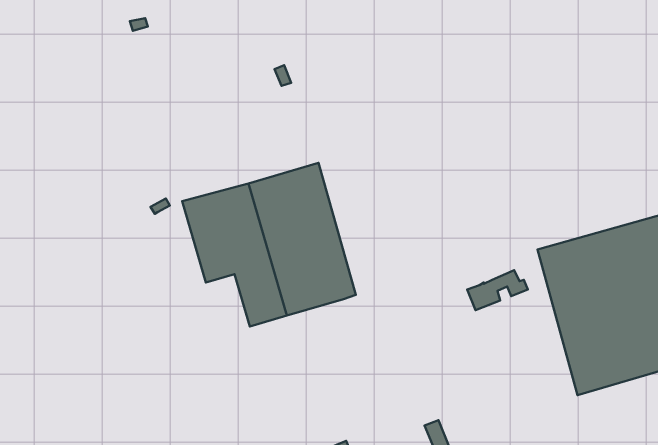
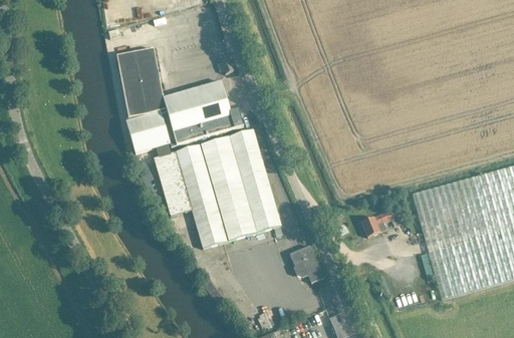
building: none -> [116,47,243,152]
building: none -> [289,245,323,282]

